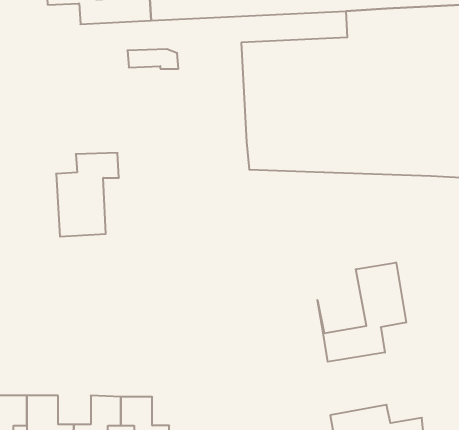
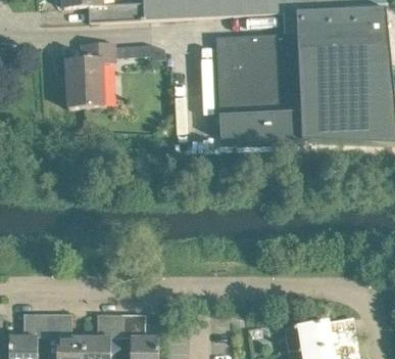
building: [56,153,119,237] -> [65,43,114,108]
building: [317,262,406,362] -> none

